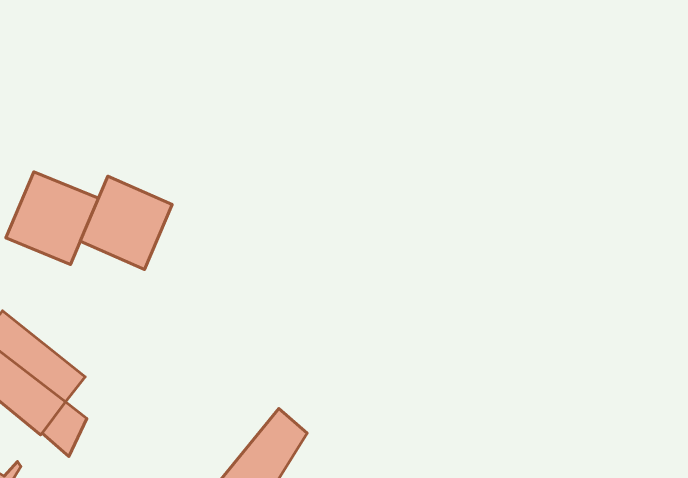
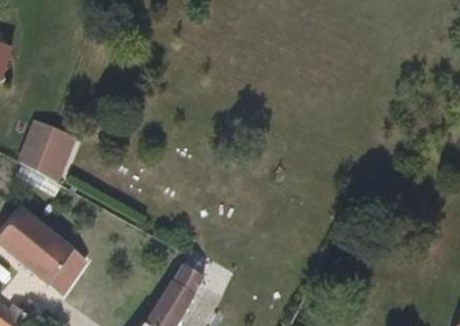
building: [80,176,172,269] -> none

